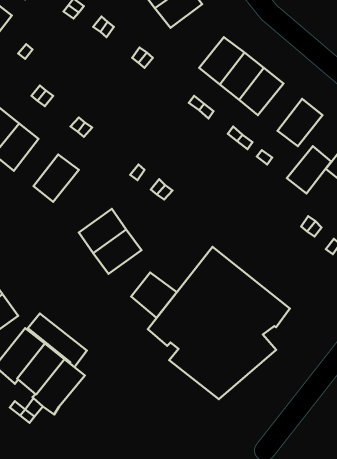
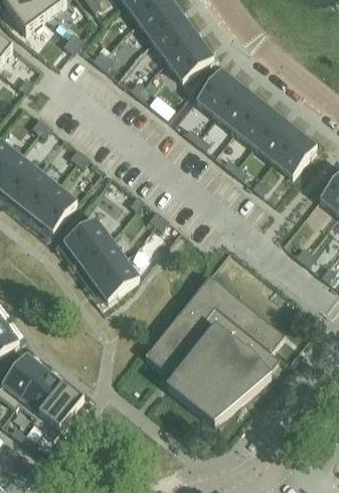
building: none -> [167,36,213,80]
building: none -> [14,168,57,214]
building: [287,146,331,194] -> [252,114,296,160]
building: none -> [62,216,110,260]
building: [131,272,177,318] -> none
building: [28,313,87,367] -> none

